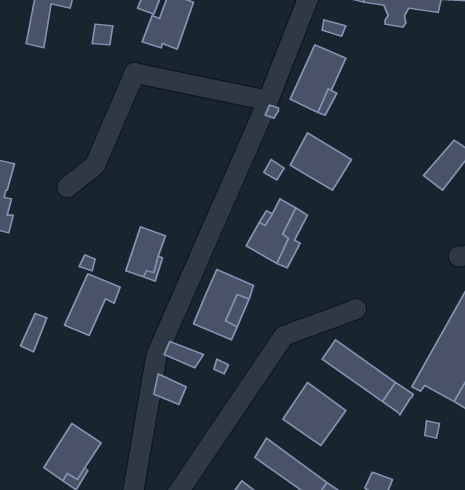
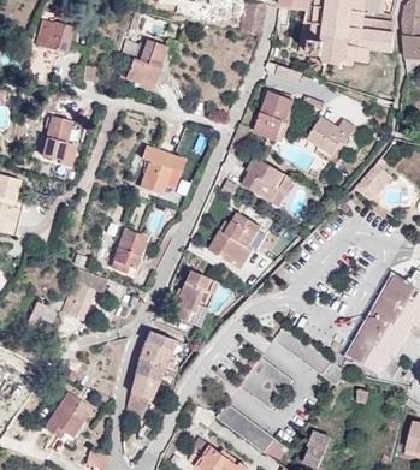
building: none -> [307,112,359,149]
building: none -> [42,117,79,166]
building: none -> [140,145,185,196]
building: none -> [138,337,183,373]
building: none -> [124,369,155,412]

